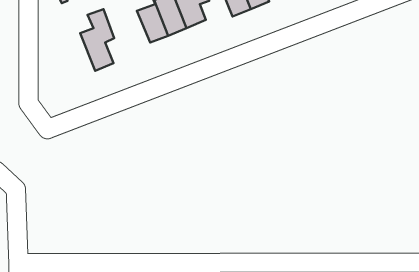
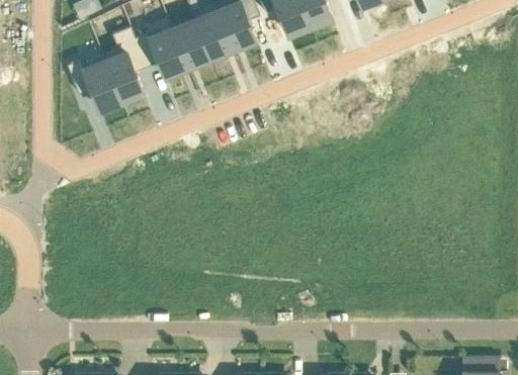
building: none -> [136,29,188,77]
building: none -> [68,57,121,111]

